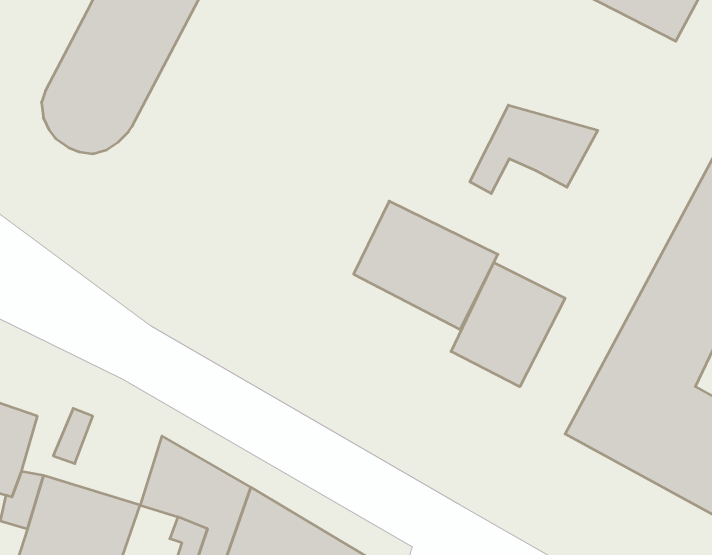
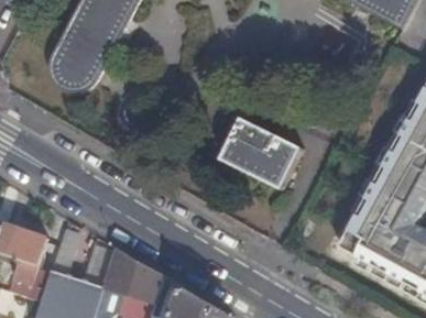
building: [470,105,598,194] -> none
building: [451,263,565,387] -> none

